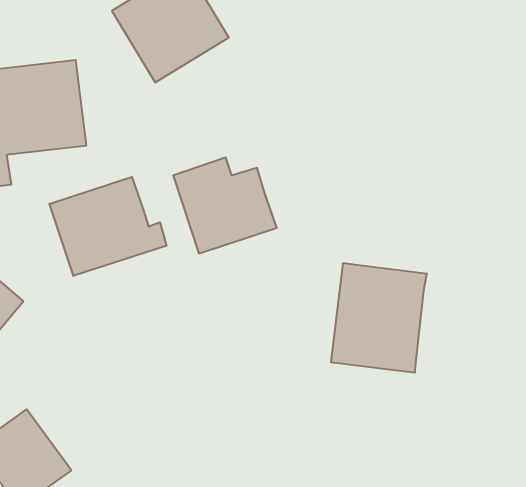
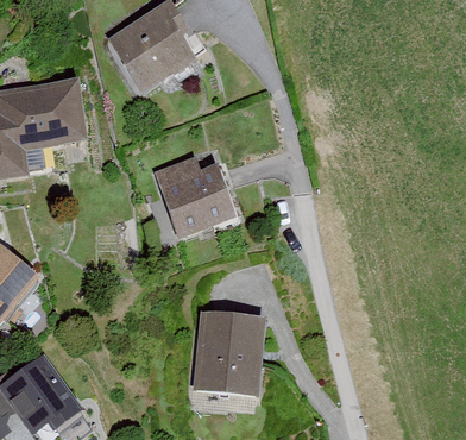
building: [49,177,167,276] -> none
building: [331,263,427,373] -> [191,308,267,395]

